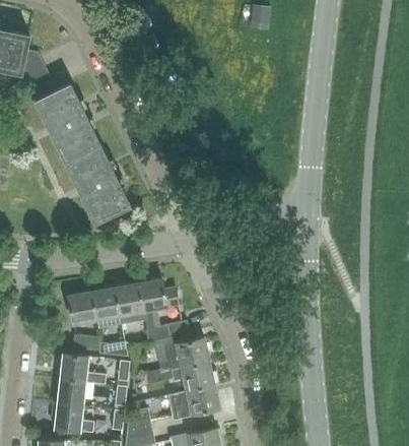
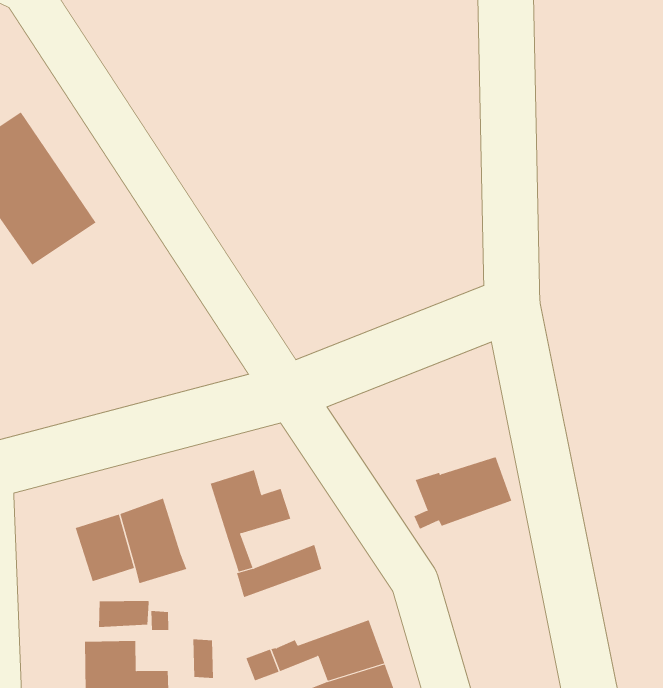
building: [63,143,129,221] -> none
building: [114,282,143,316] -> none
building: [158,338,209,370] -> [414,457,512,529]

